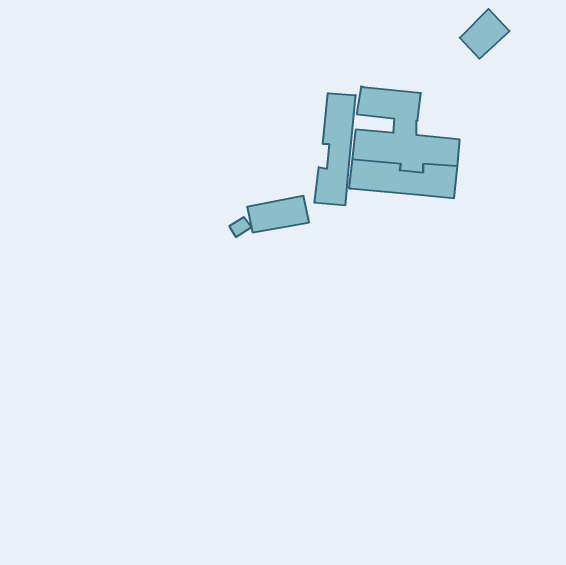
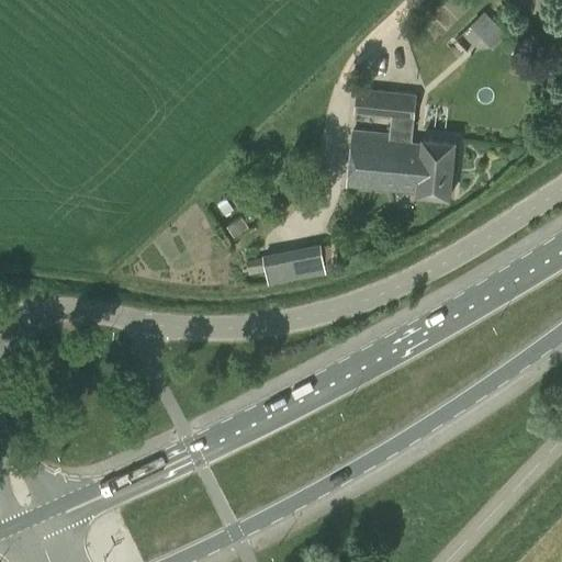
building: [314,93,356,205] -> none
building: [247,196,309,232] -> [262,247,324,283]

